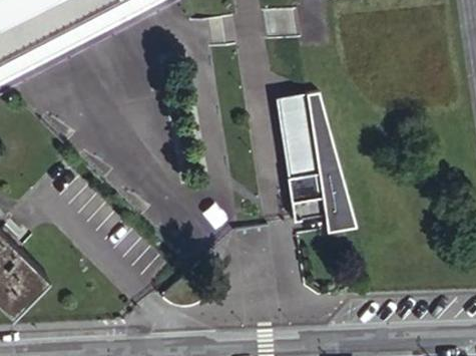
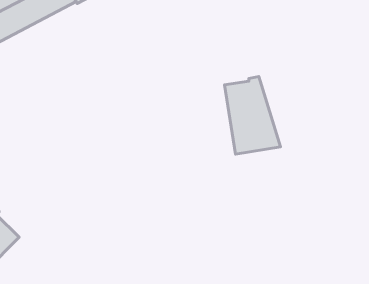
building: [287,169,356,237] -> none

